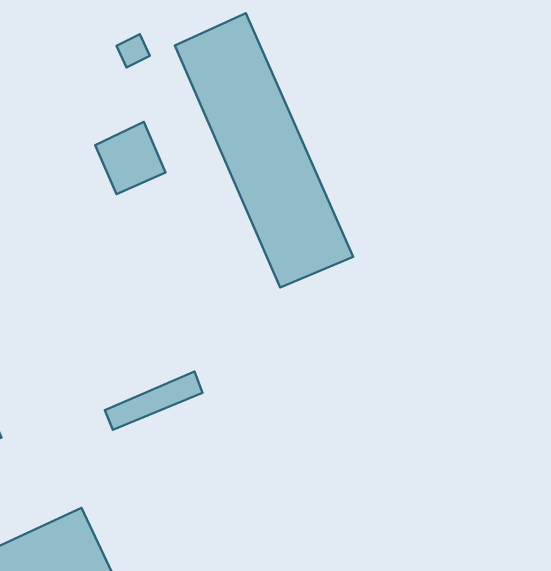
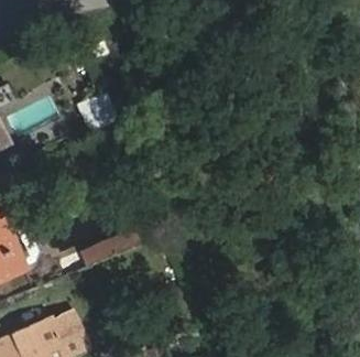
building: [175,13,353,288] -> none

